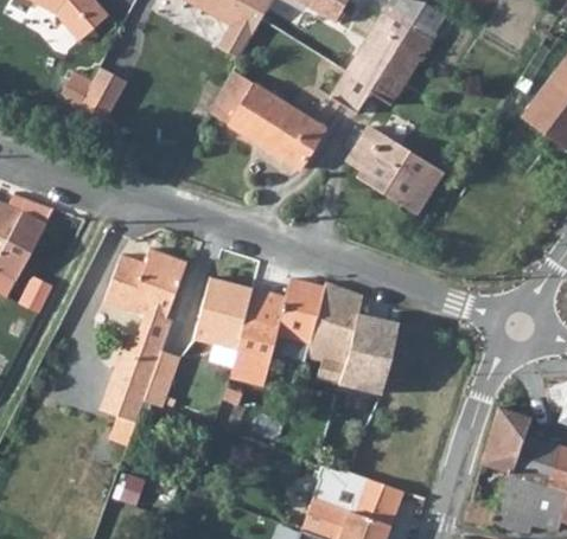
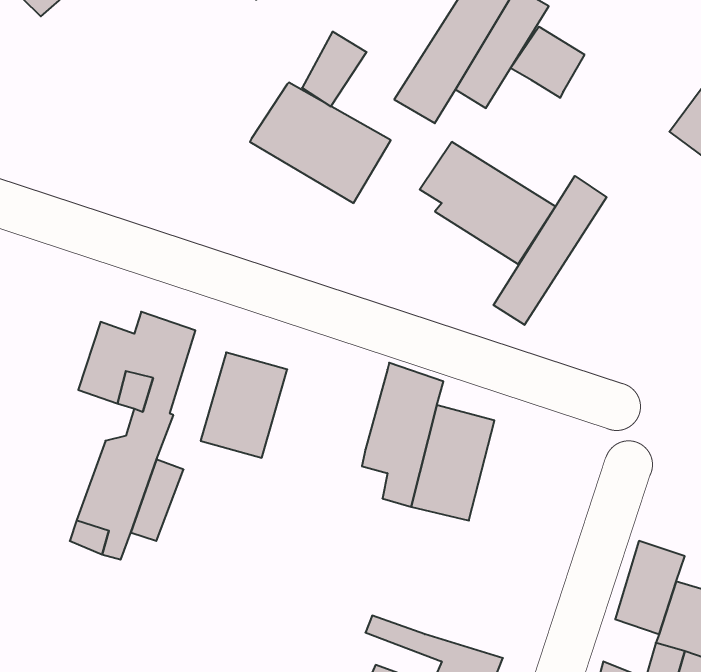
building: none -> [511,27,584,98]
building: [59,68,127,122] -> none
building: [209,73,254,126] -> [302,32,367,106]
building: none -> [494,176,607,325]
building: [230,277,324,385] -> none

